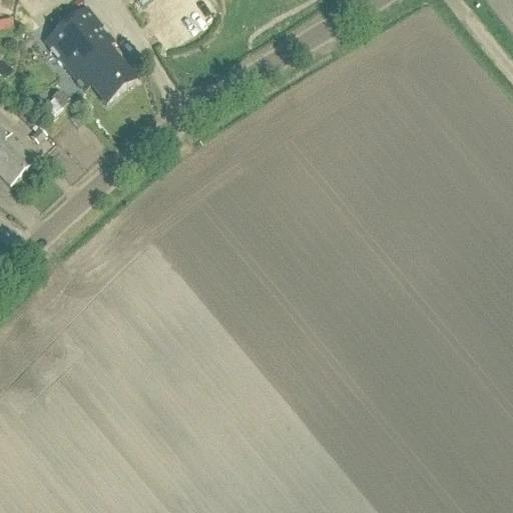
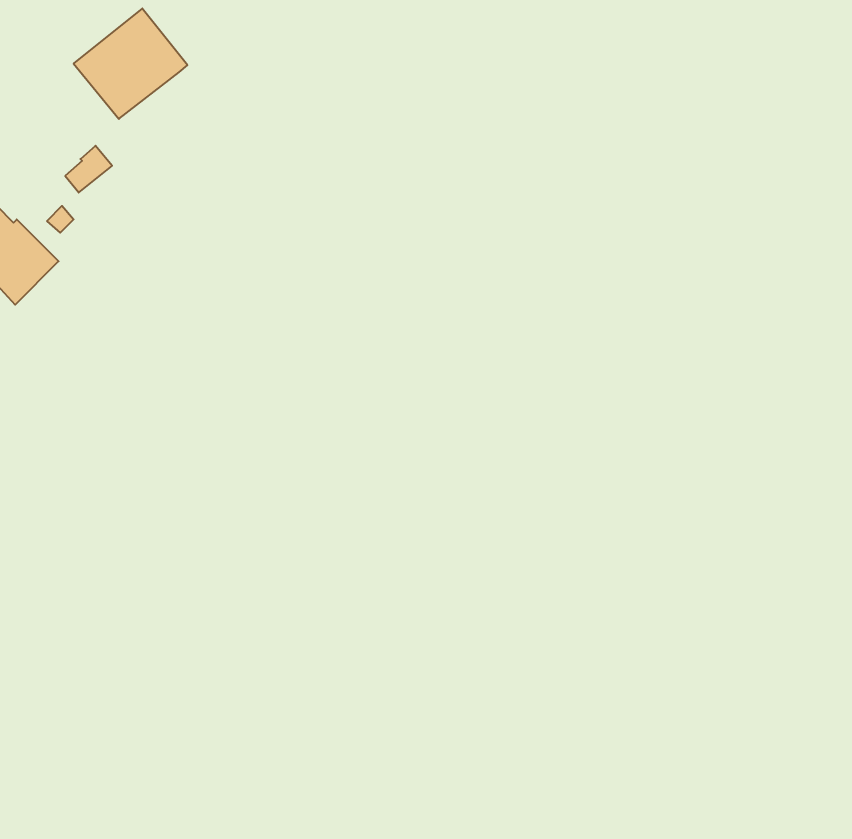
building: [71,43,134,101] -> none

